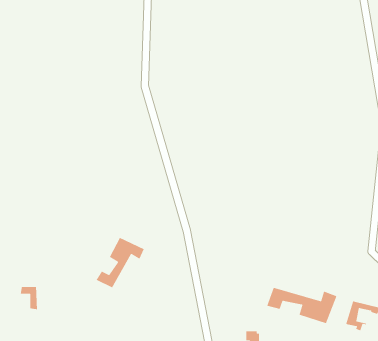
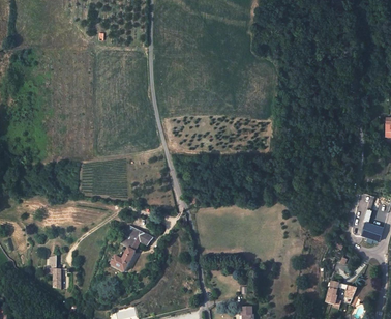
building: [266,287,337,324] -> none

